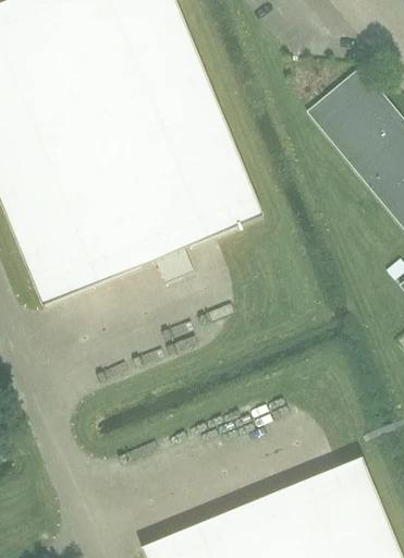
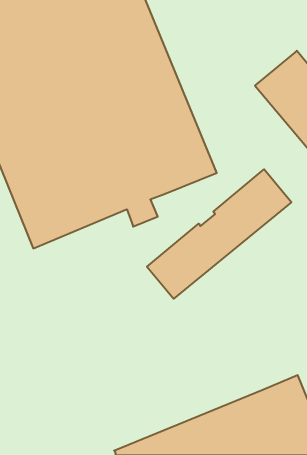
building: none -> [147,169,291,299]

